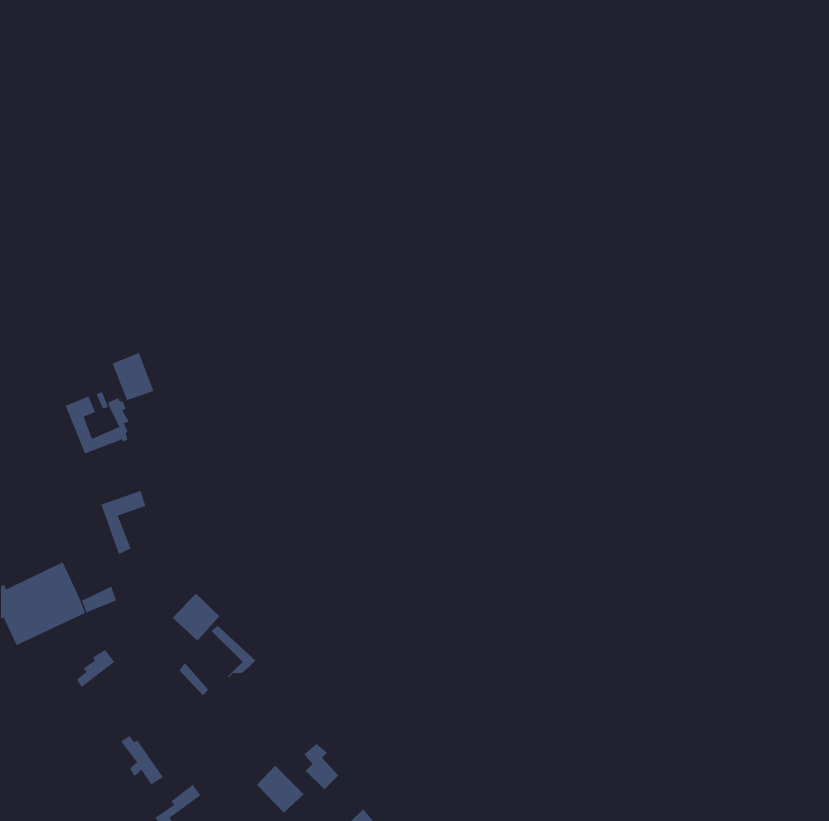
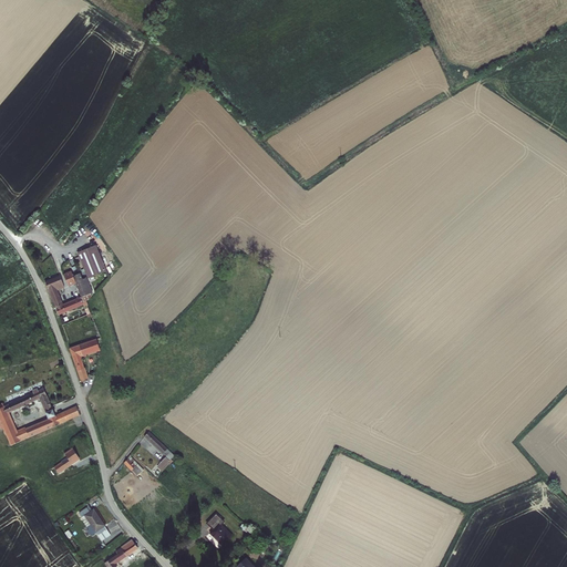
building: [172,593,220,641] -> none
building: [256,765,304,813] -> none

